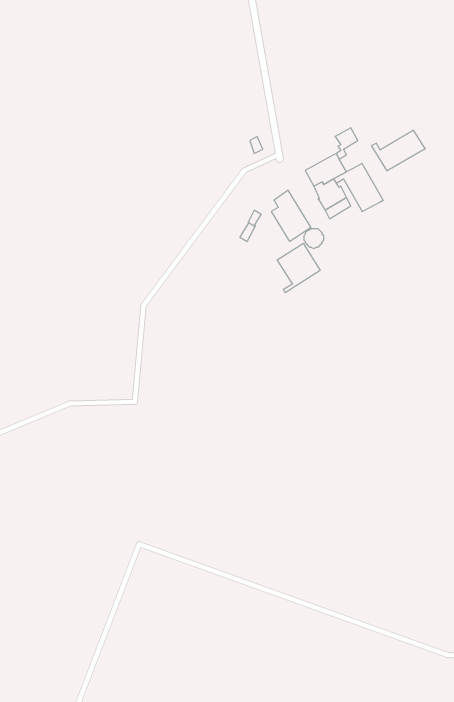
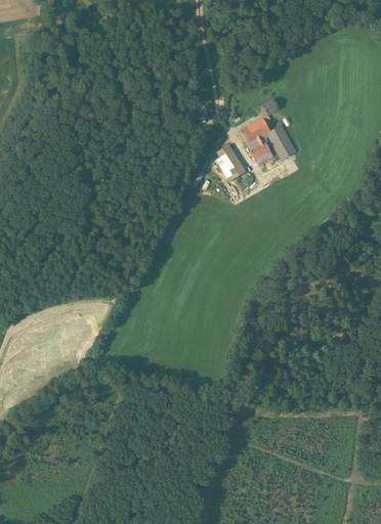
building: [372,130,425,171] -> none
building: [277,243,320,293] -> none

